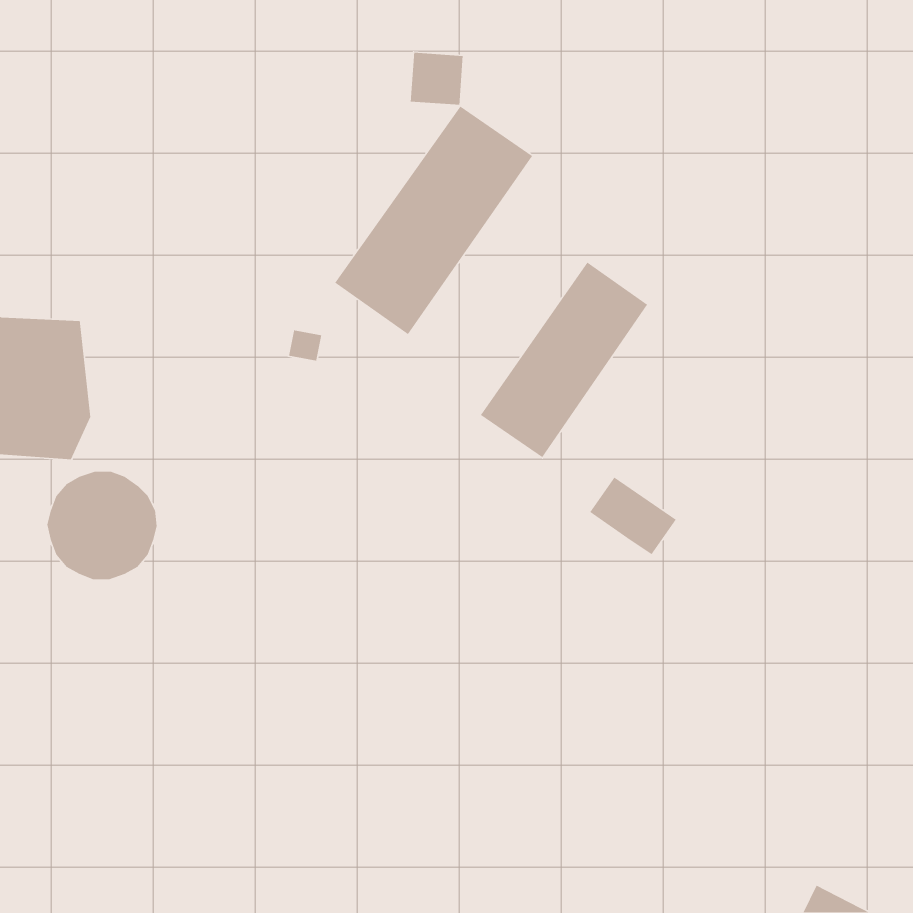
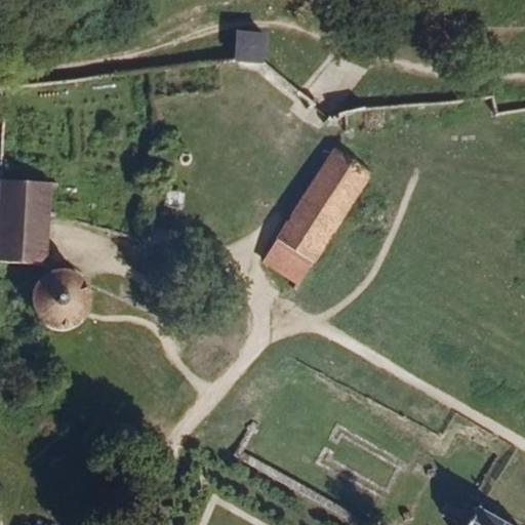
building: [334,106,533,335] -> none
building: [589,476,677,555] -> [260,238,311,283]

